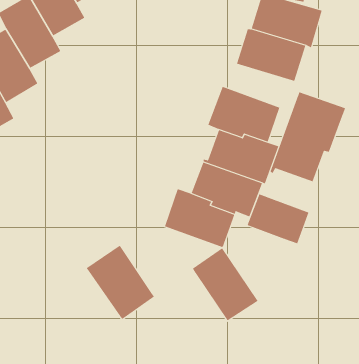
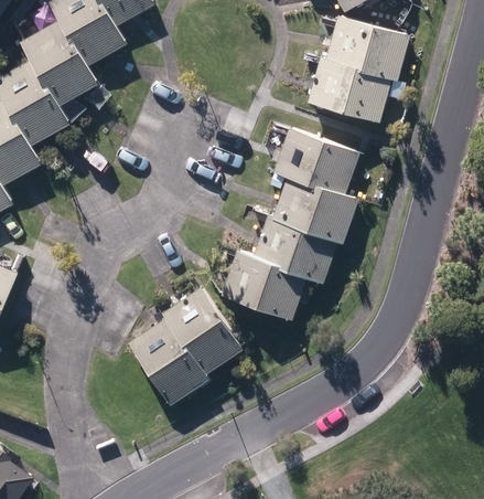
building: [270,91,346,182] -> none
building: [247,193,309,244] -> none
building: [192,247,258,321] -> [165,285,245,373]

